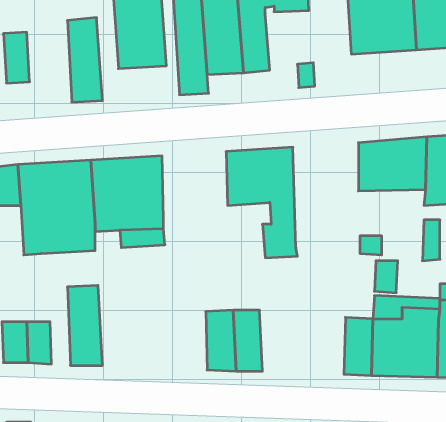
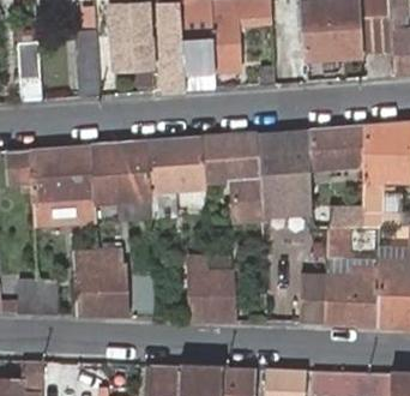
building: none -> [259,131,313,217]
building: none -> [151,138,206,193]
building: none -> [98,247,128,316]

